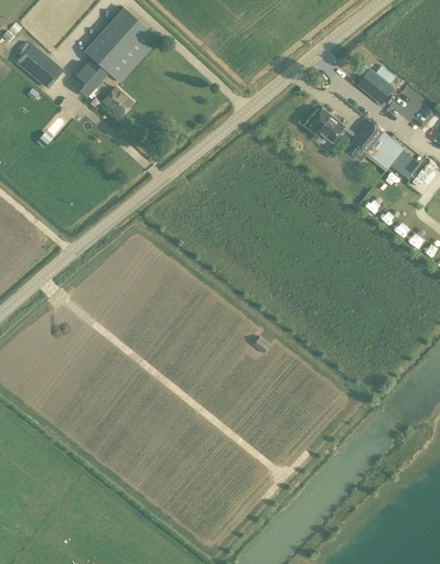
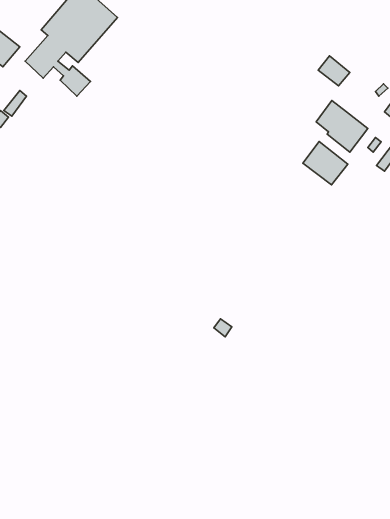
building: [311,110,345,142] -> none
building: none -> [303,142,348,185]

